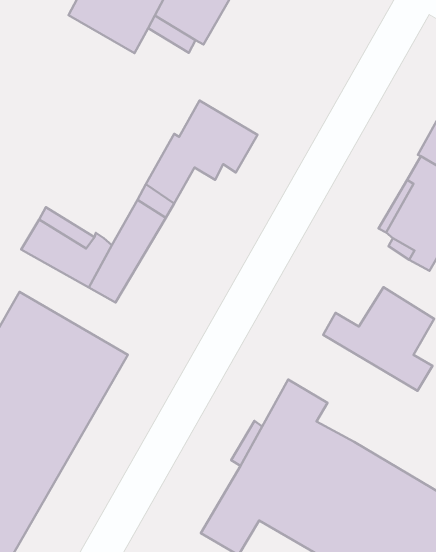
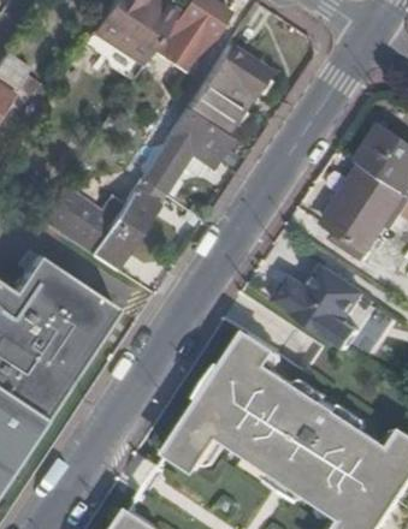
building: none -> [185,42,266,131]

